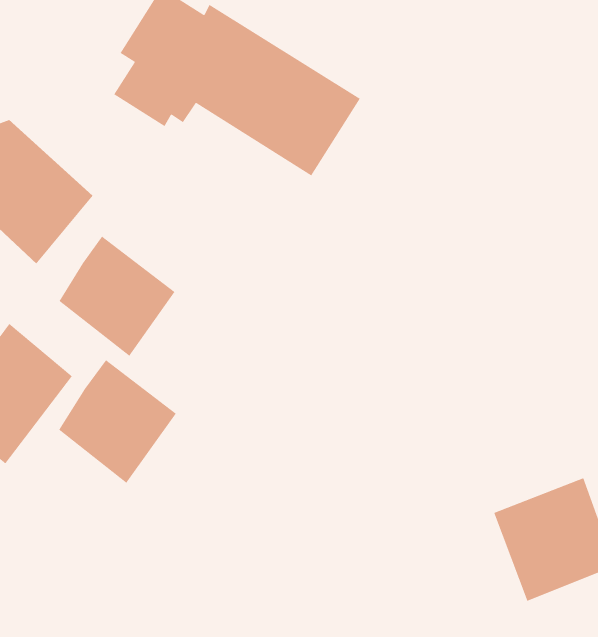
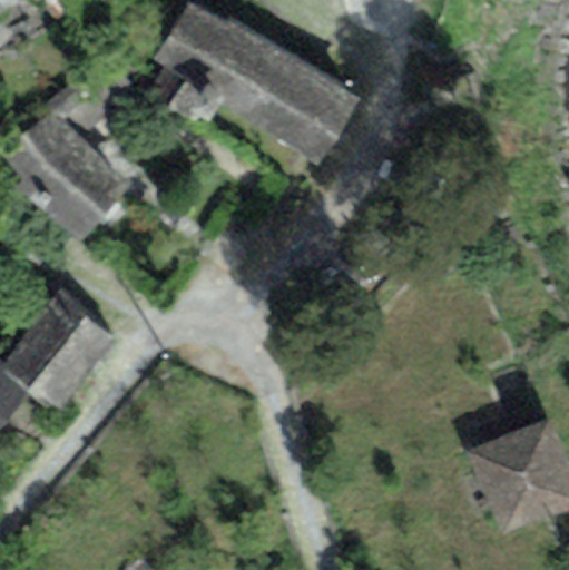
building: [58,236,175,357] -> none
building: [58,359,177,484] -> none

